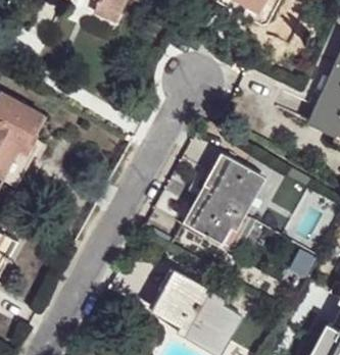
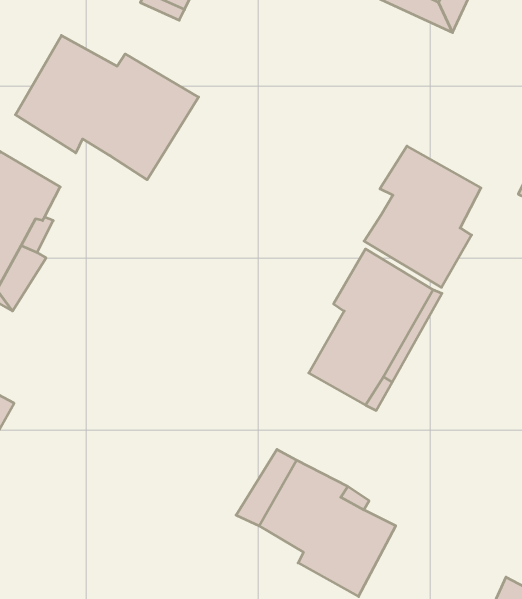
building: none -> [15,35,199,180]
building: none -> [364,146,481,287]

